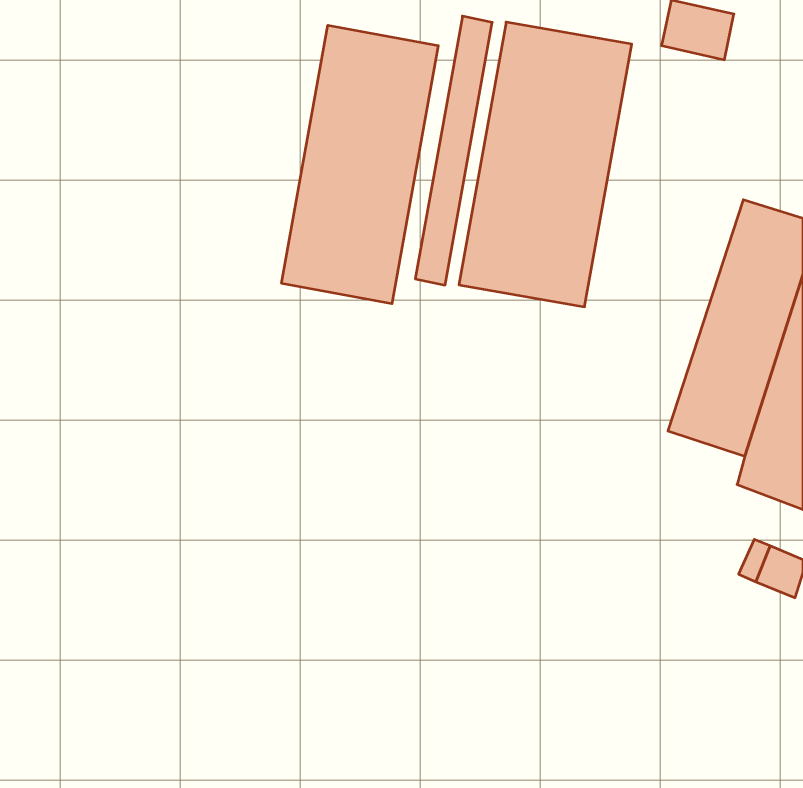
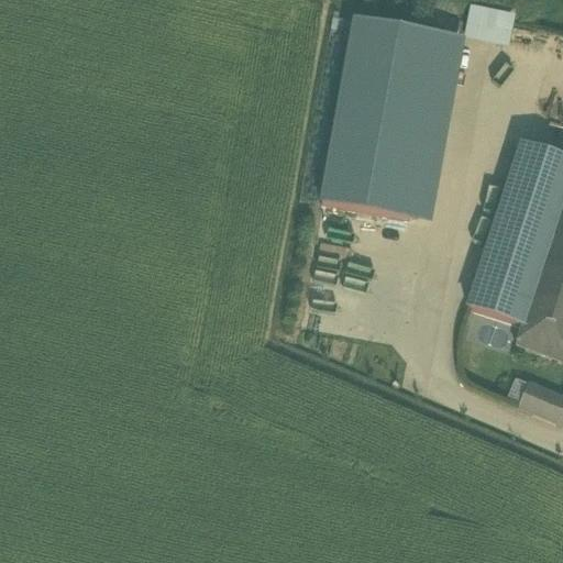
building: [415,16,492,285] -> [409,31,463,219]
building: [282,25,438,304] -> none

